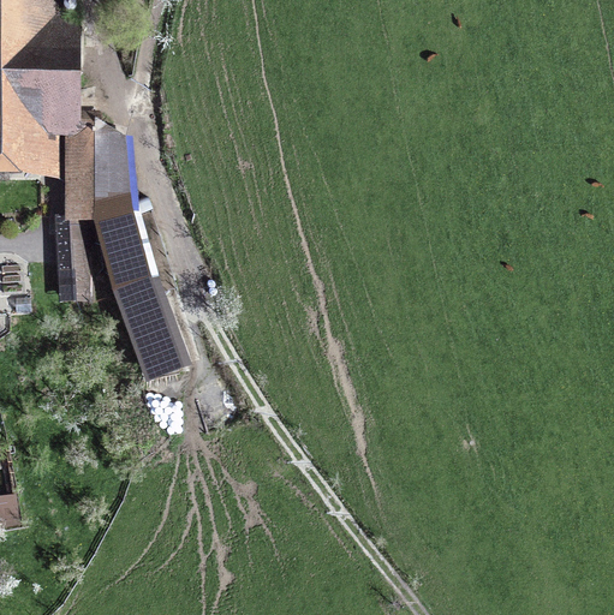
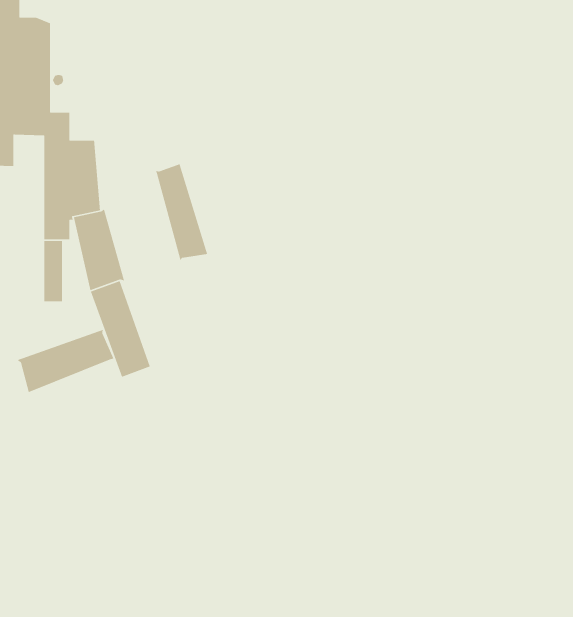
building: none -> [155,163,208,262]
building: none -> [16,329,115,393]

